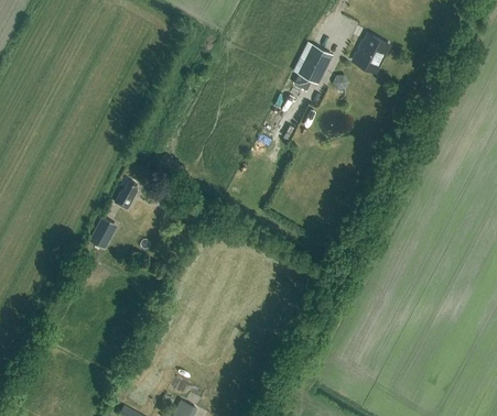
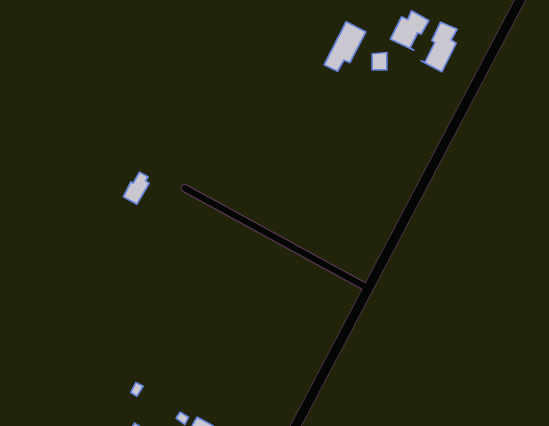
building: none -> [421,22,457,72]
building: [88,217,116,249] -> none

